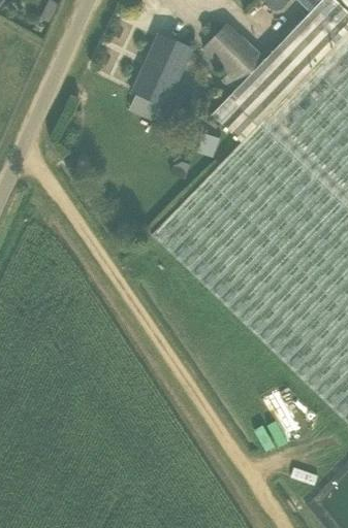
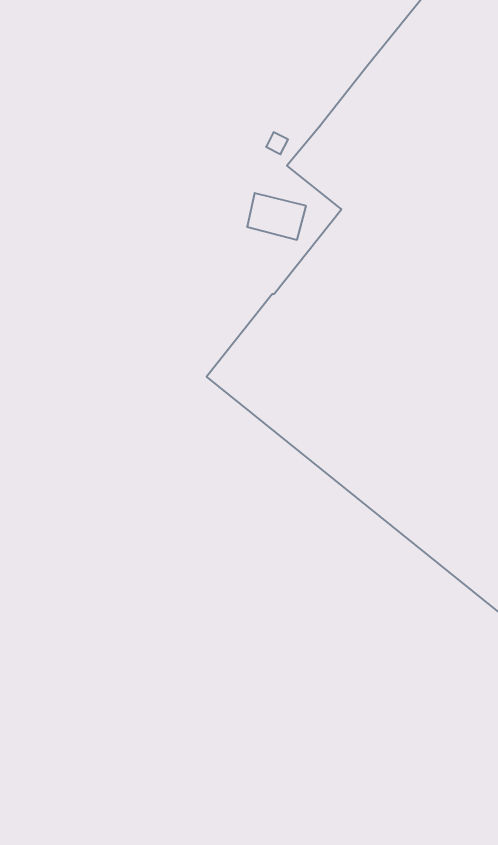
building: [203,23,264,92] -> none
building: [129,33,192,122] -> none

